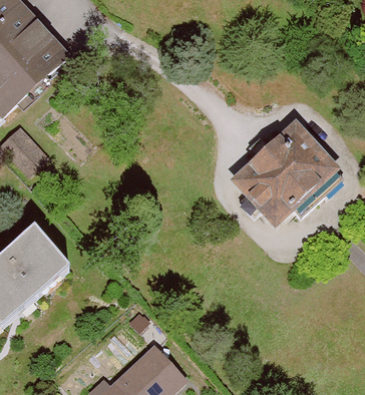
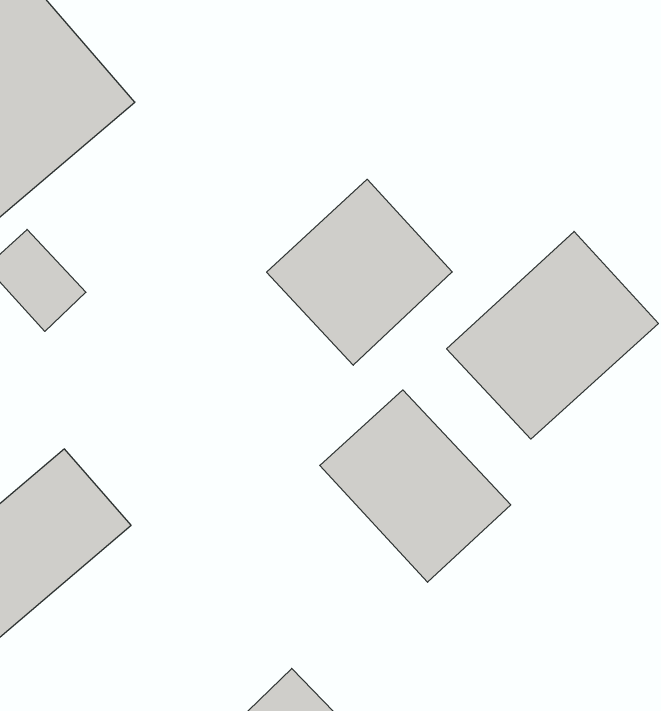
building: none -> [267,179,452,365]
building: none -> [320,390,511,582]

